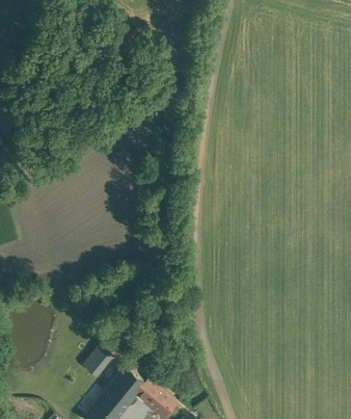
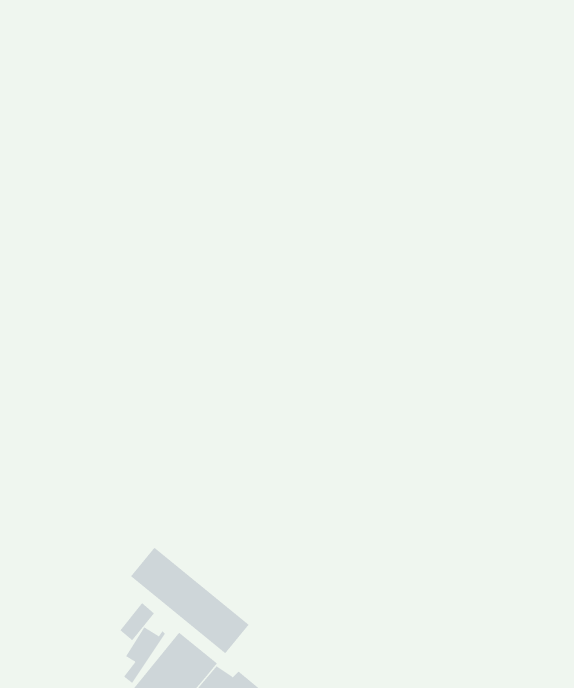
building: none -> [130,547,250,654]

